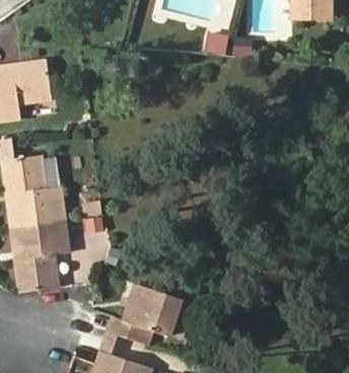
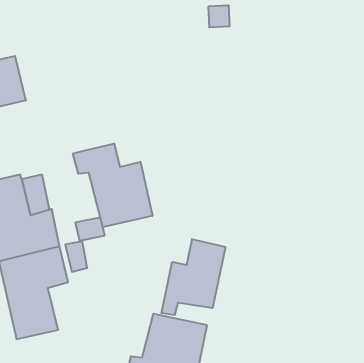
building: none -> [73,144,152,227]
building: none -> [161,239,225,315]

